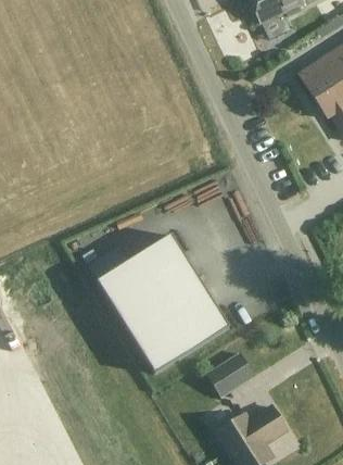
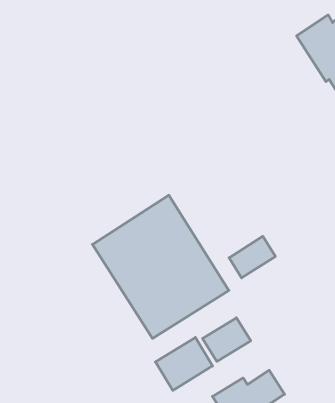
building: none -> [229,236,275,278]
building: none -> [155,337,213,390]

